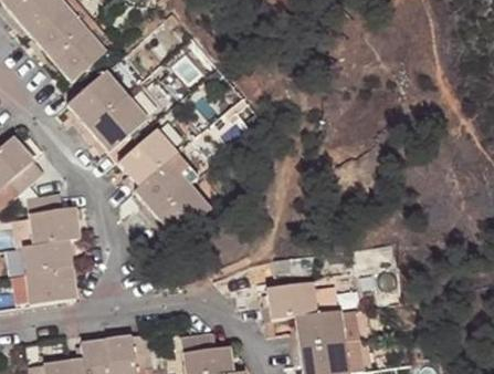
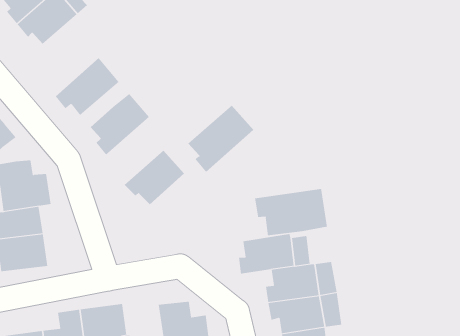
building: [65,71,125,133] -> none
building: [132,153,197,219] -> [188,105,254,173]
building: none -> [254,188,327,236]

